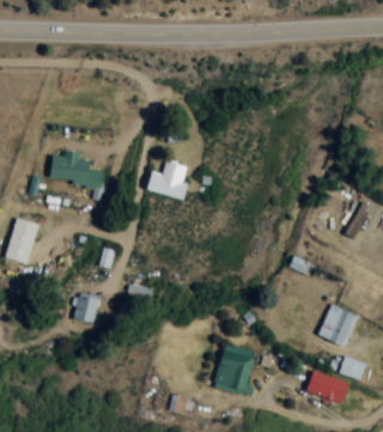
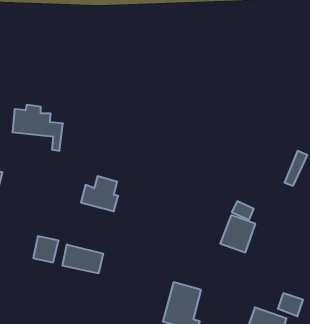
building: [147,160,188,199] -> [81,176,118,211]
building: none -> [63,244,103,273]
building: [318,305,357,346] -> [220,215,255,252]

